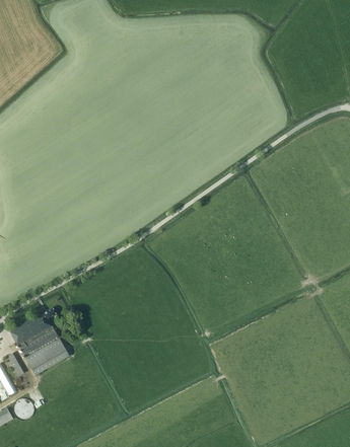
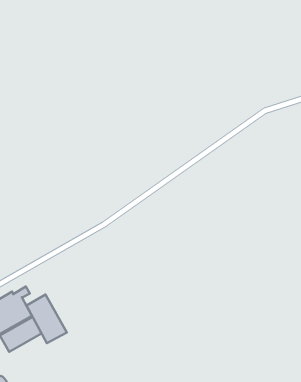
building: none -> [27,294,67,343]

